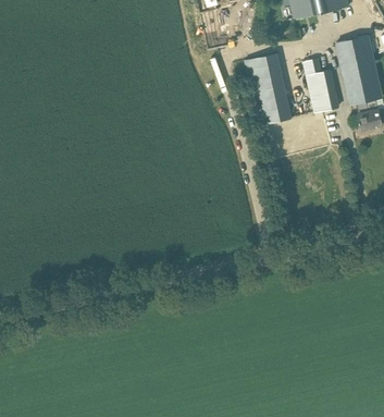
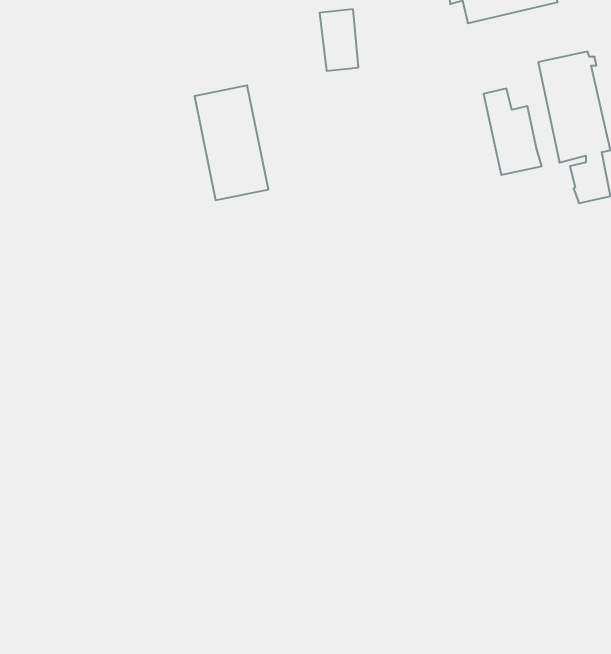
building: [248,52,294,123] -> [194,85,268,200]

